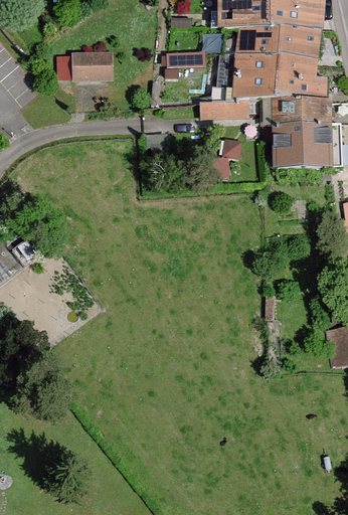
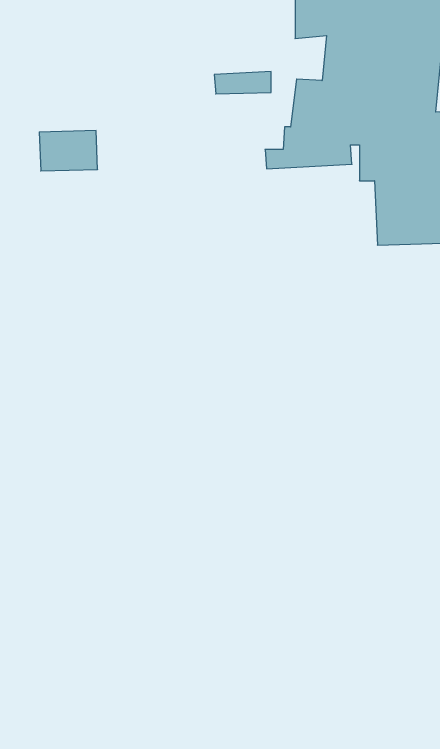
building: [71,53,111,80] -> [39,131,98,171]

